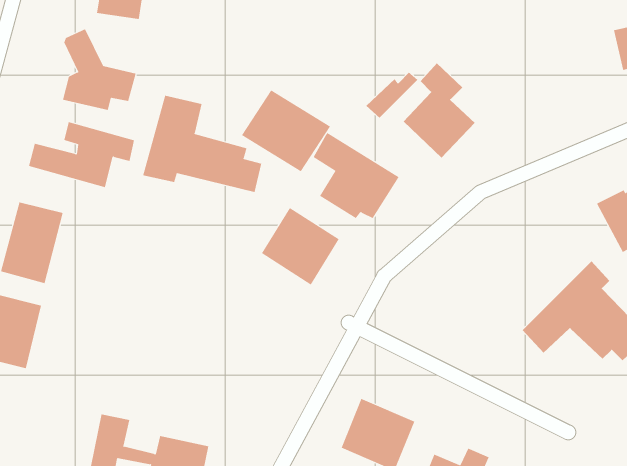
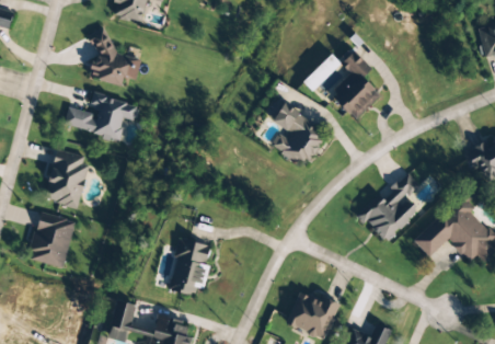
building: [241,89,331,172] -> none
building: [142,95,262,193] -> none
building: [261,207,340,285] -> none
building: none -> [358,173,421,242]
building: none -> [166,238,211,297]

